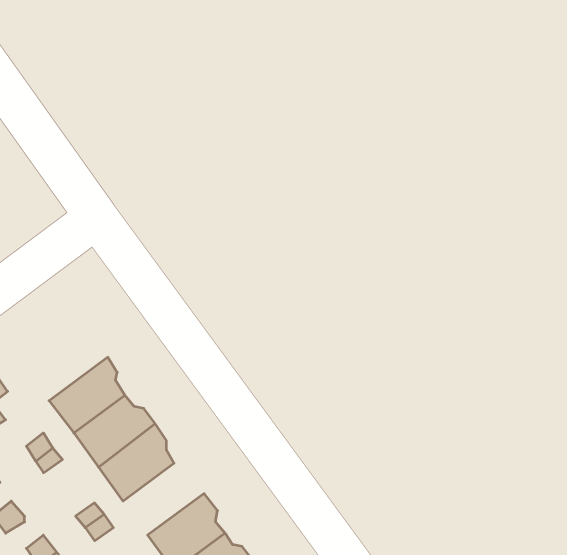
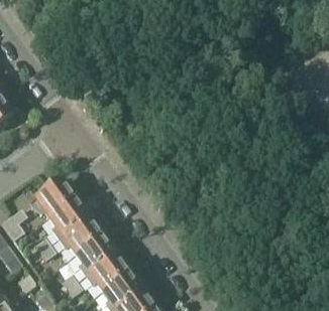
building: none -> [30,178,80,219]
building: none -> [88,253,131,291]

